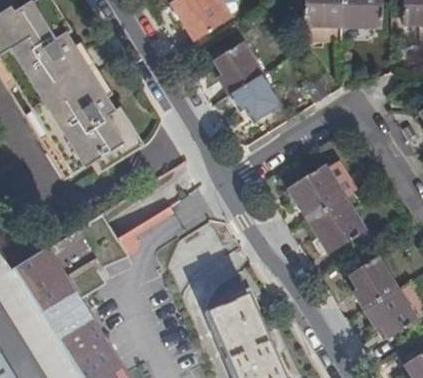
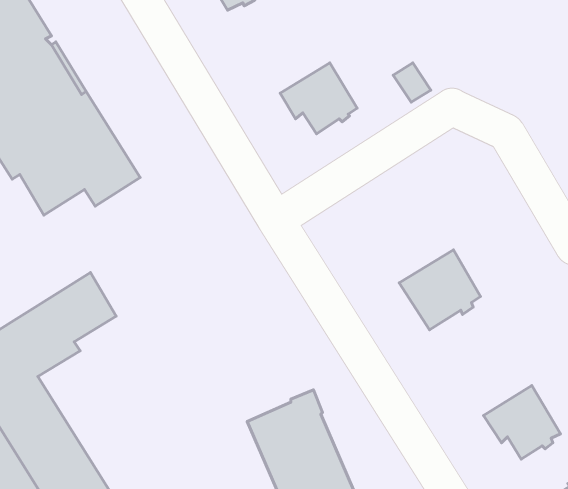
building: [215,42,261,93] -> none
building: [288,161,355,219] -> none
building: [351,258,395,307] -> none

